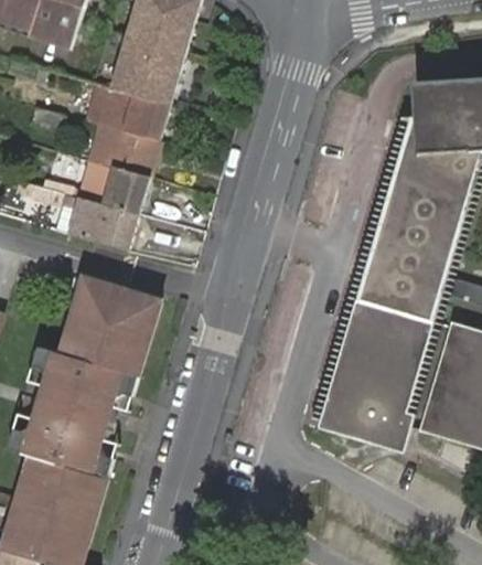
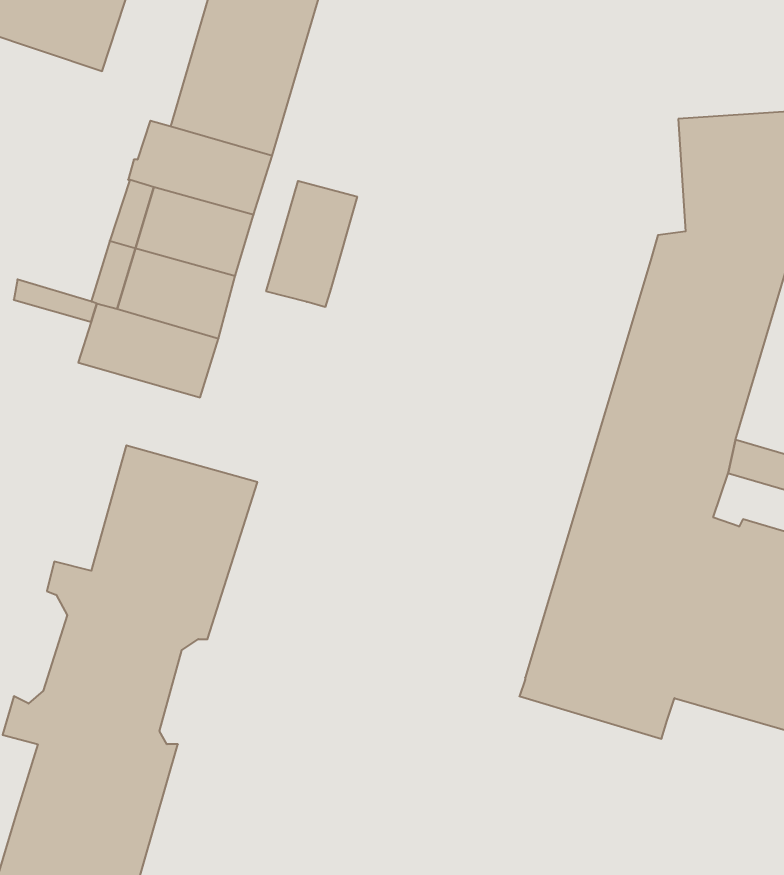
building: none -> [266,181,357,307]

